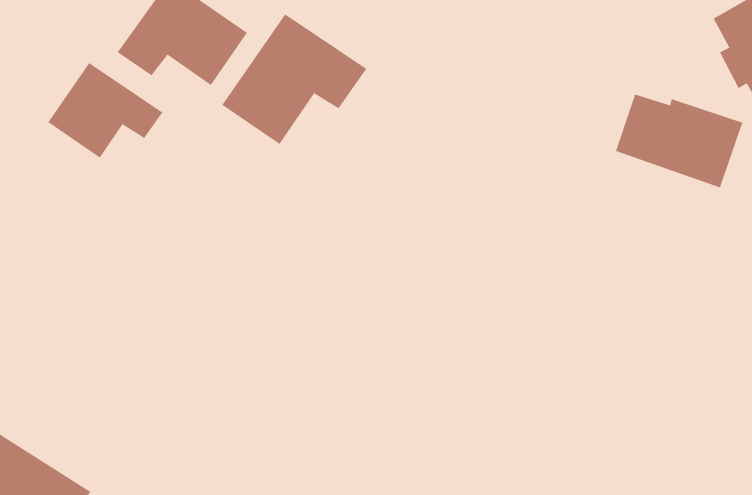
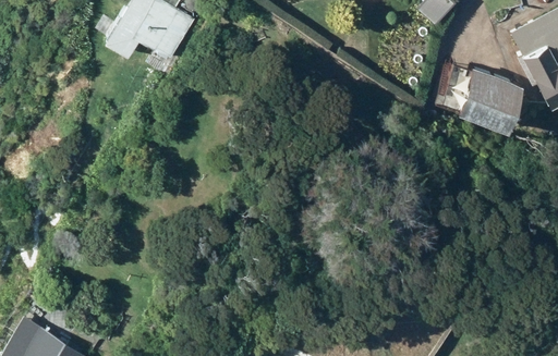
building: [222,13,367,145] -> none
building: [48,62,163,159] -> none

